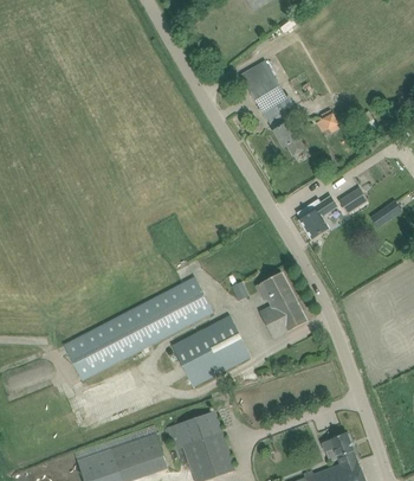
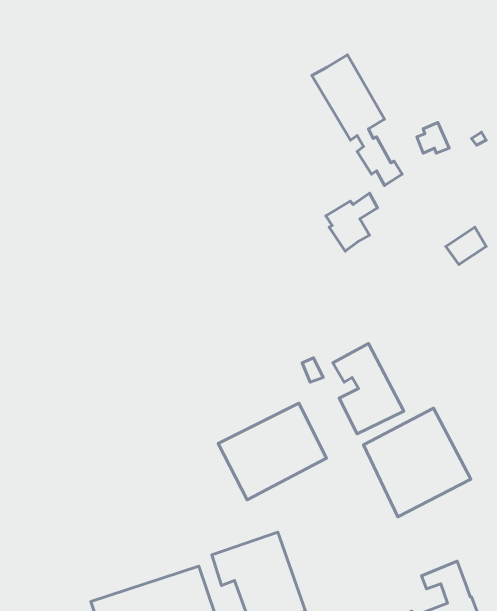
building: [297,195,335,238] -> [326,193,377,251]
building: [63,276,212,379] -> none
building: none -> [363,408,471,517]

